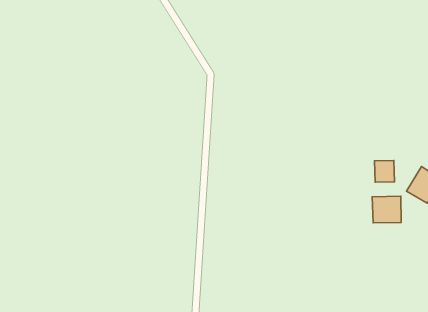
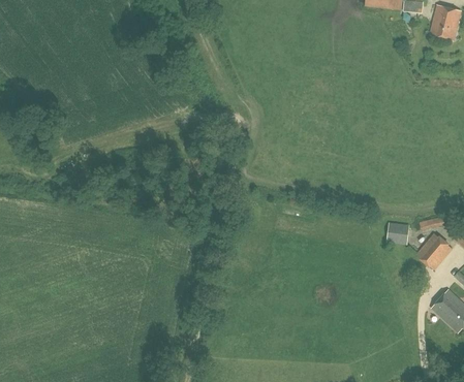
building: [372,196,401,223] -> none

